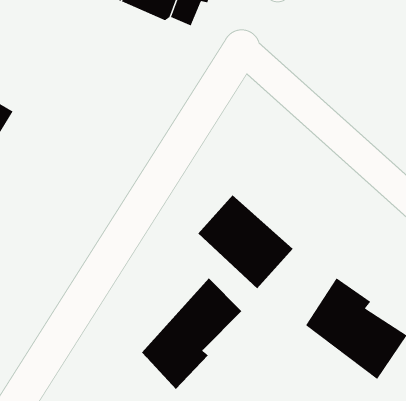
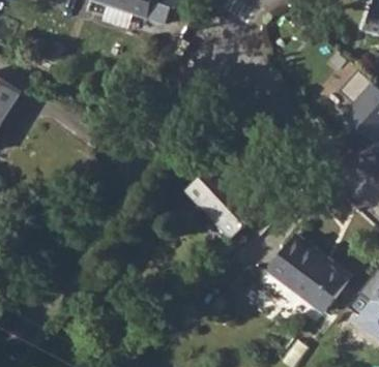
building: [141,277,242,390] -> none

